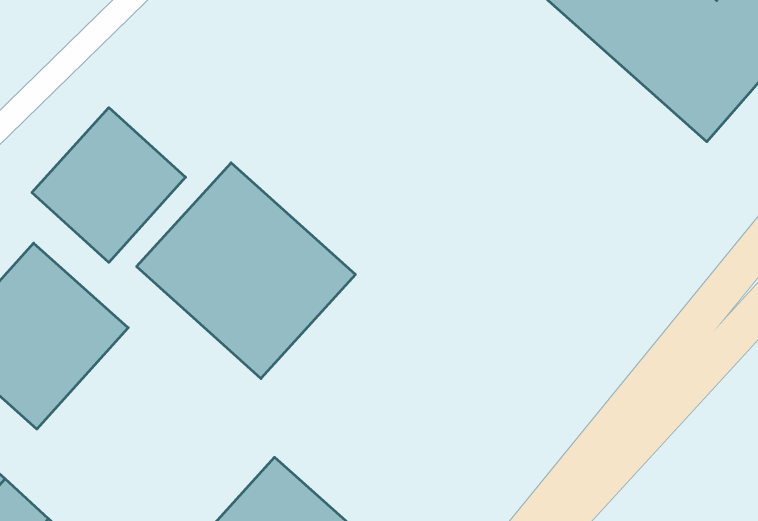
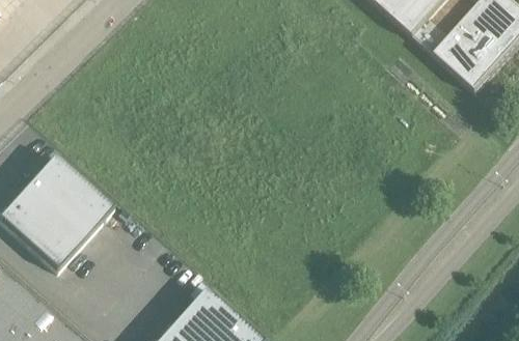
building: [32,108,186,262] -> none
building: [137,163,355,379] -> none

